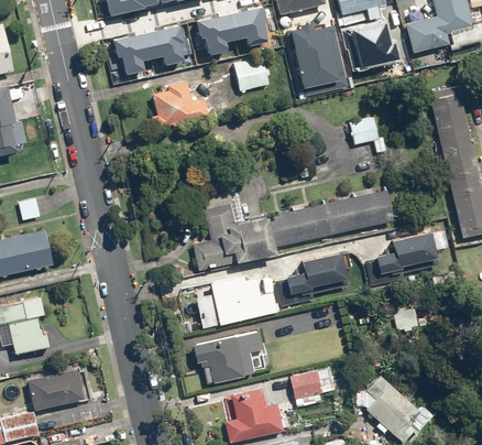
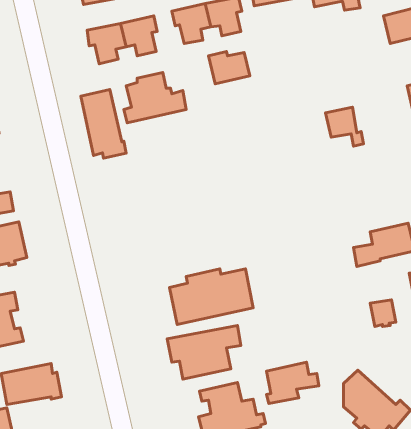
building: [348,26,398,69] -> none
building: [294,31,351,95] -> none
building: none -> [81,89,126,158]
building: [193,188,394,272] -> none
building: [287,251,348,300] -> none

